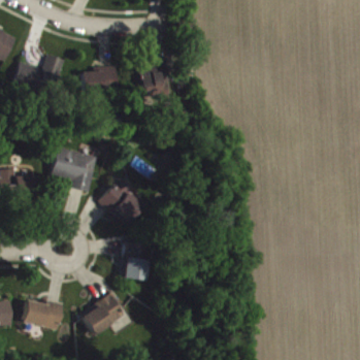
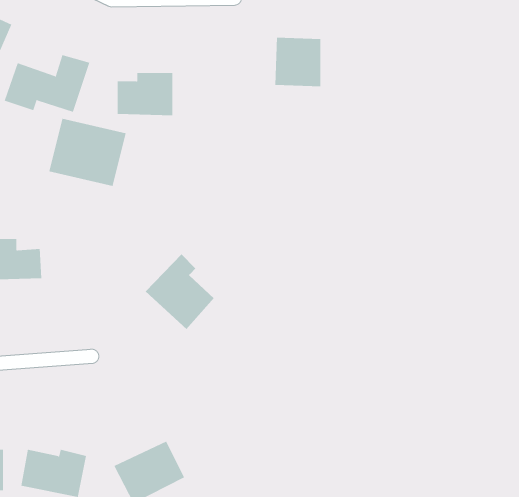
building: [138,64,167,95] -> [275,37,321,87]
building: [48,148,97,190] -> [49,118,127,186]
building: [120,241,150,281] -> none

